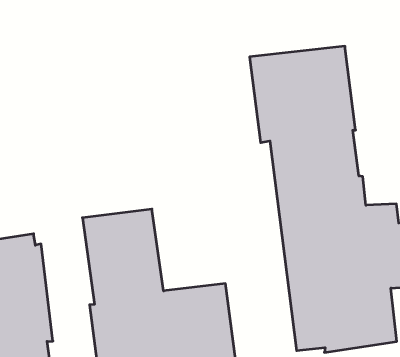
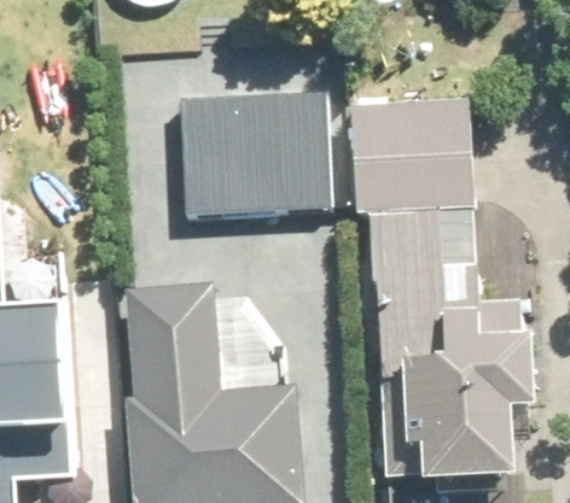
building: none -> [180,86,331,214]

